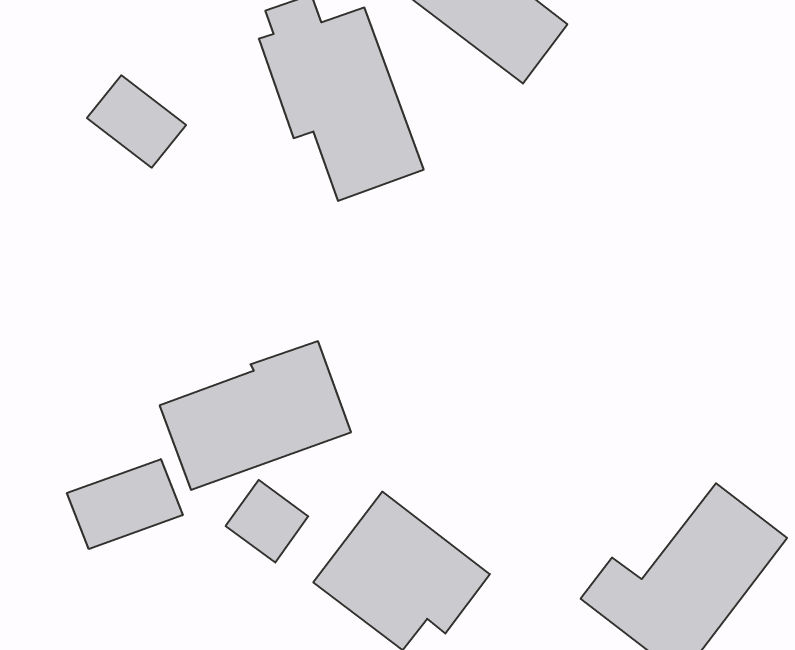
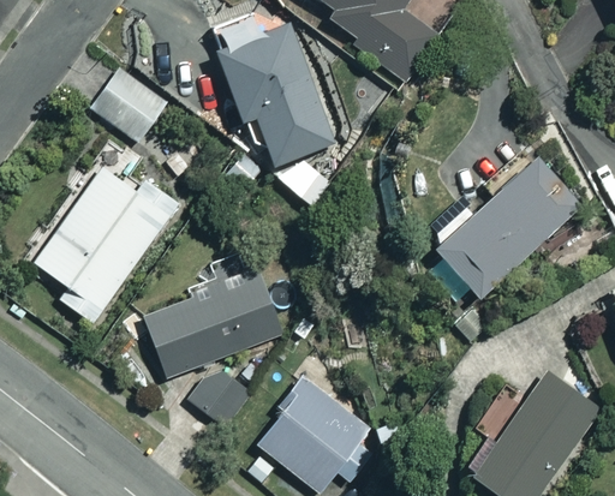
building: none -> [434,155,580,294]
building: none -> [34,167,181,323]
building: [67,459,183,549] -> none

